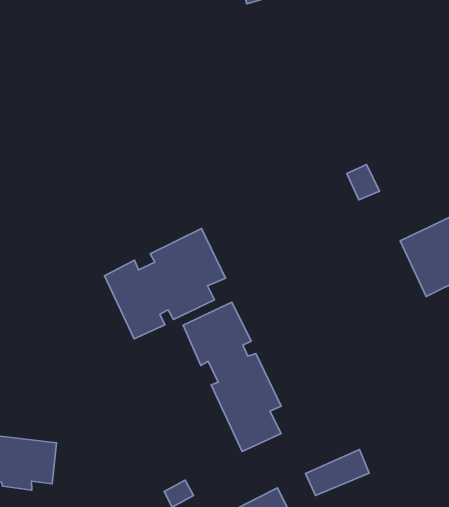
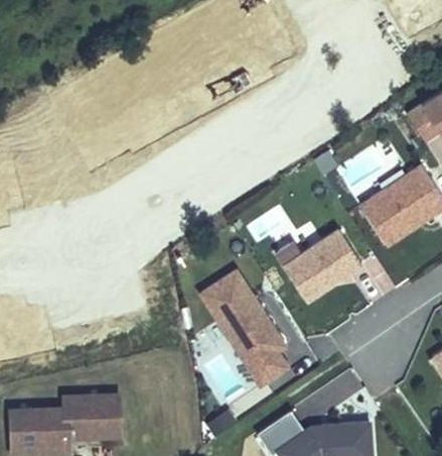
building: [104,229,225,339] -> none
building: none -> [276,229,362,302]

